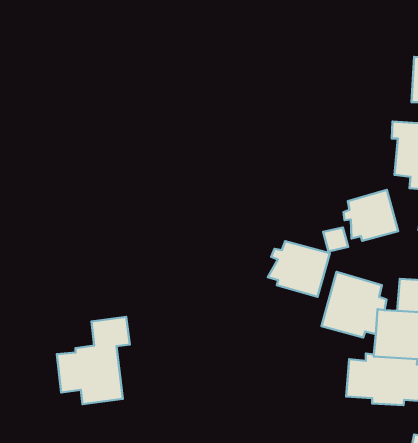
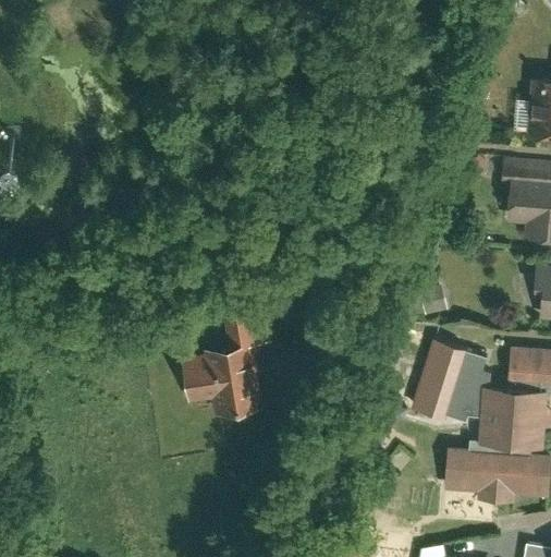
building: [343,190,398,241] -> none
building: [268,241,330,297] -> none
building: [57,317,130,404] -> [180,311,269,417]

